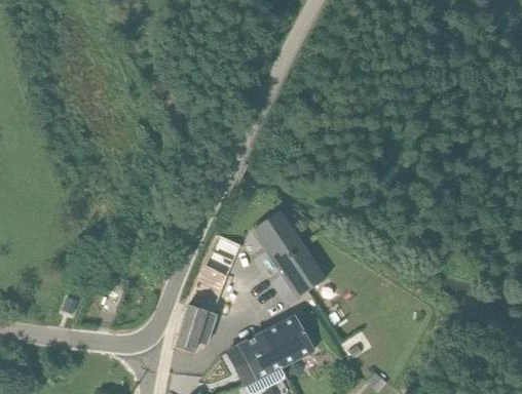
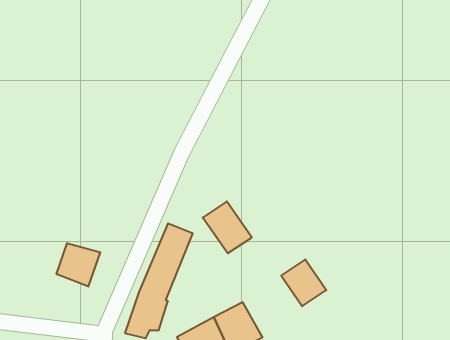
building: [278,248,325,297] -> [281,259,326,306]
building: none -> [57,243,100,287]

